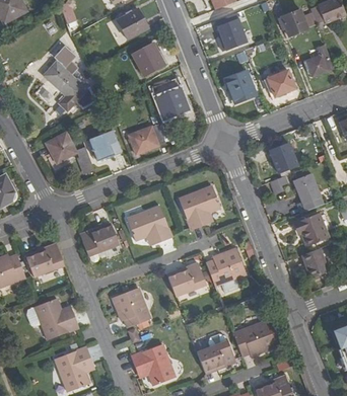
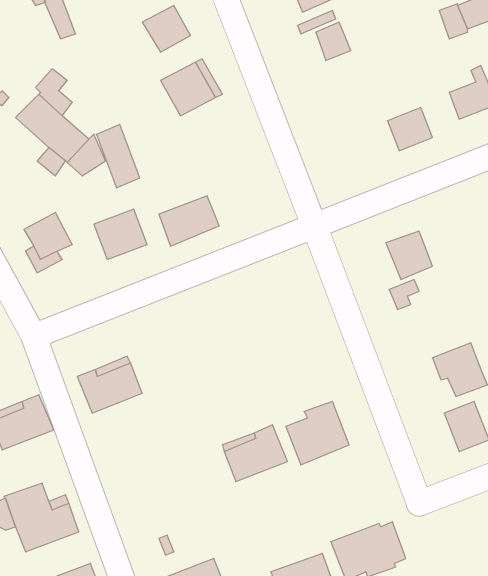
building: [279,11,306,36] -> none
building: [225,69,256,102] -> none
building: [155,76,182,114] -> [96,124,140,188]
building: [293,173,321,204] -> none
building: [179,185,221,230] -> none
building: [128,206,172,244] -> none
building: [112,287,151,328] -> none

